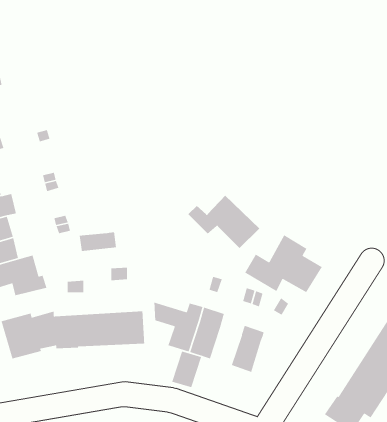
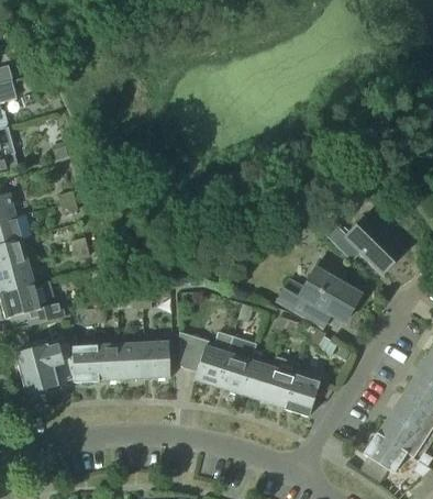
building: [188,195,260,249] -> [325,214,403,273]
building: [78,232,117,252] -> none
building: none -> [284,368,320,417]
building: [171,351,202,388] -> [240,359,273,400]

